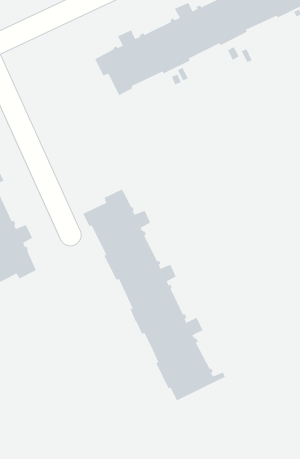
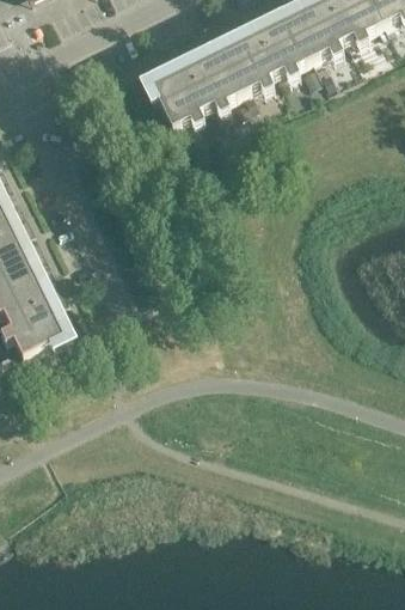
building: [82,189,226,402] -> none

